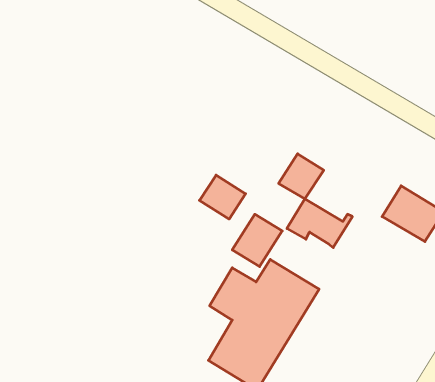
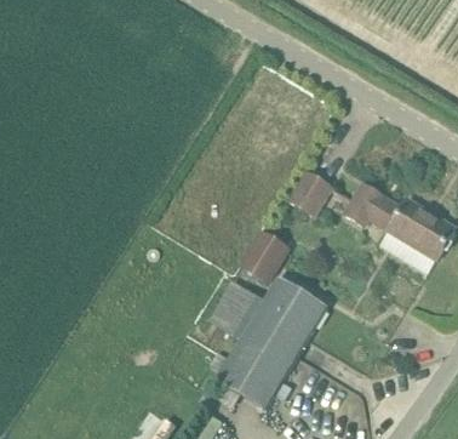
building: [199,175,246,219] -> none
building: [287,199,352,248] -> [344,183,411,233]

